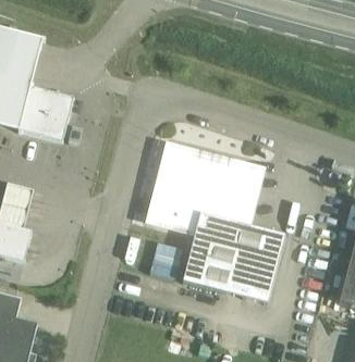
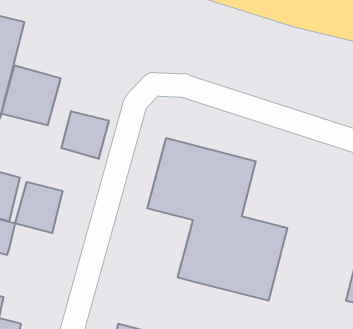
building: none -> [61,111,109,159]
building: none -> [15,182,63,233]

